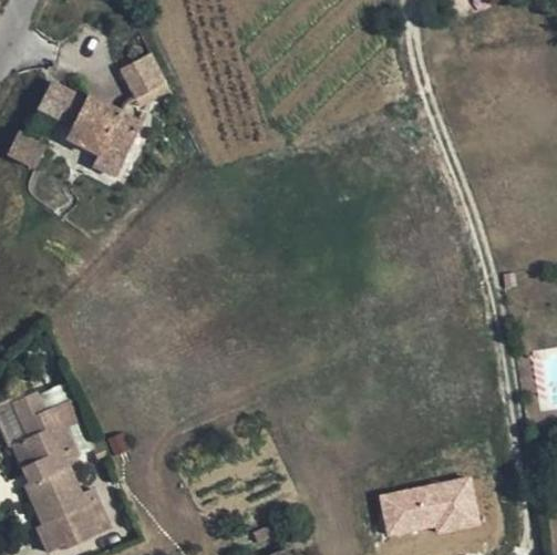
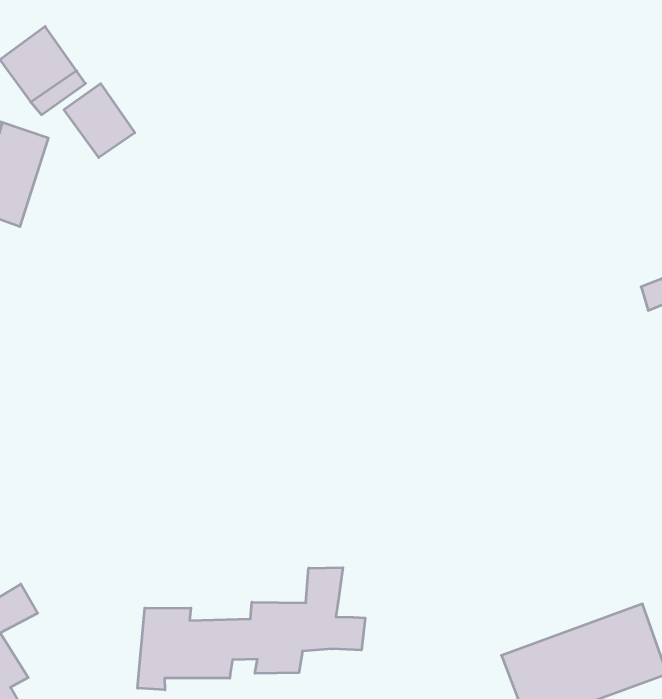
building: none -> [64,84,135,158]
building: none -> [138,568,365,690]

